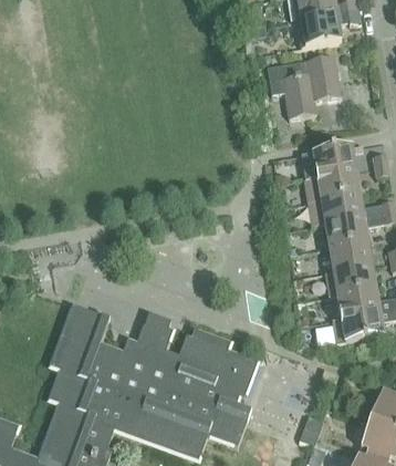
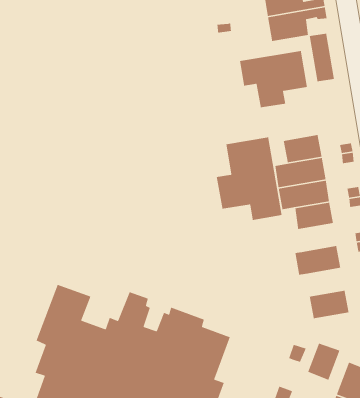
building: none -> [309,33,335,82]
building: none -> [216,136,282,221]
building: [329,239,371,269] -> none
building: [337,287,379,317] -> none
building: none -> [307,343,340,381]

